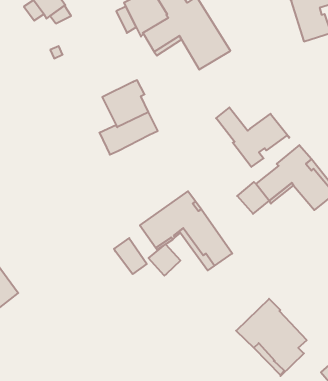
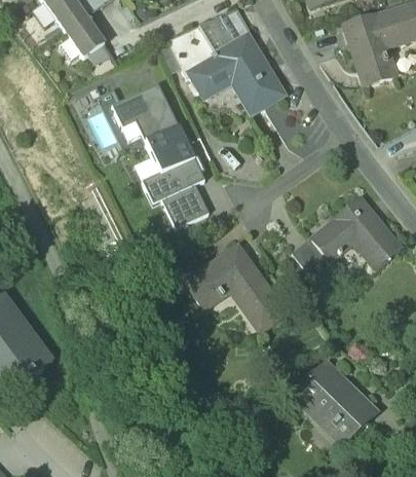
building: none -> [112,84,179,143]
building: [216,107,289,167] -> none
building: none -> [162,184,210,229]
building: [114,238,147,274] -> none
building: [149,244,180,276] -> none

